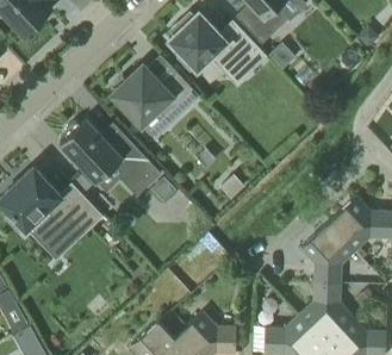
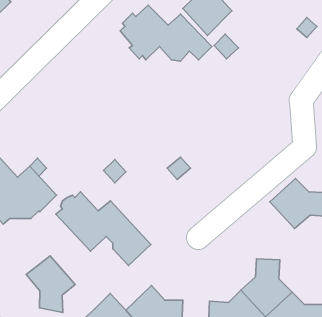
building: [111,66,199,126] -> none
building: [60,119,161,198] -> [56,192,151,266]
building: [301,223,355,285] -> none
building: none -> [26,256,75,313]

